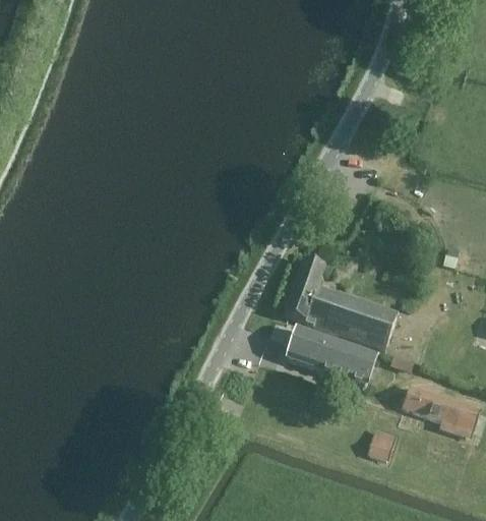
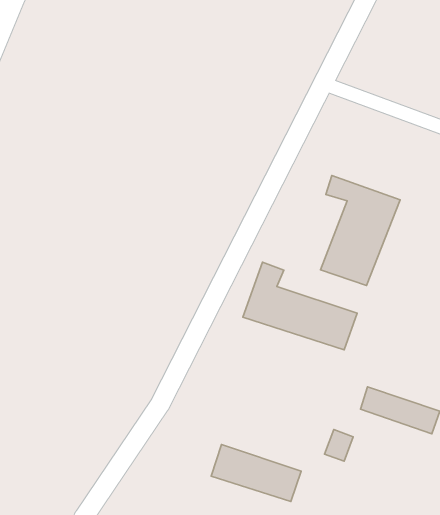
building: none -> [321,176,400,286]
building: [287,329,376,386] -> [211,444,301,502]

